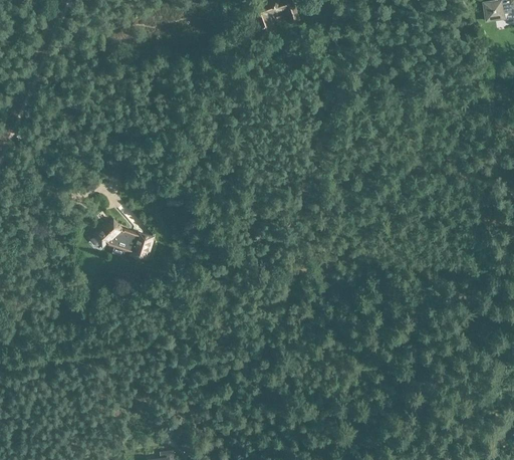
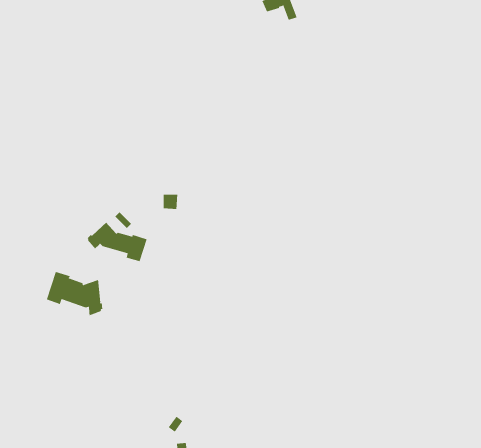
building: none -> [46,271,103,316]

